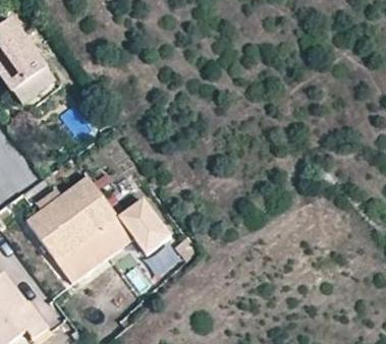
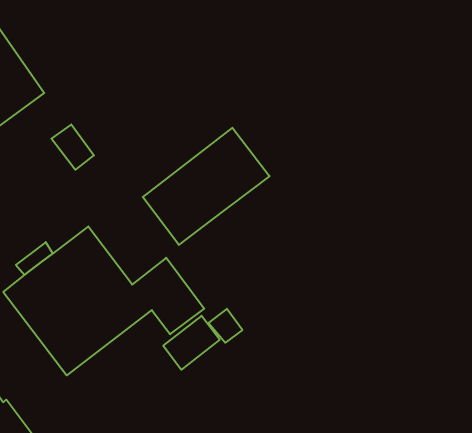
building: none -> [143,128,270,245]

